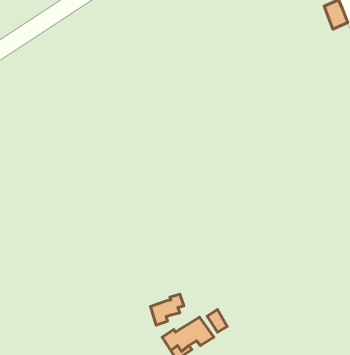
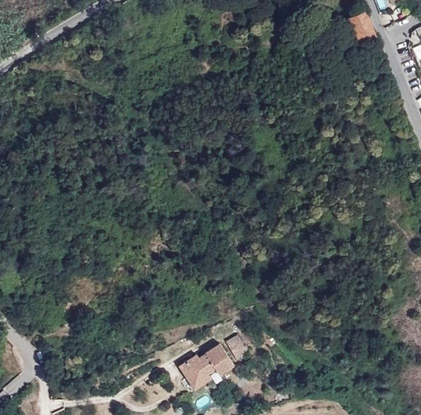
building: [151,294,184,325] -> none

